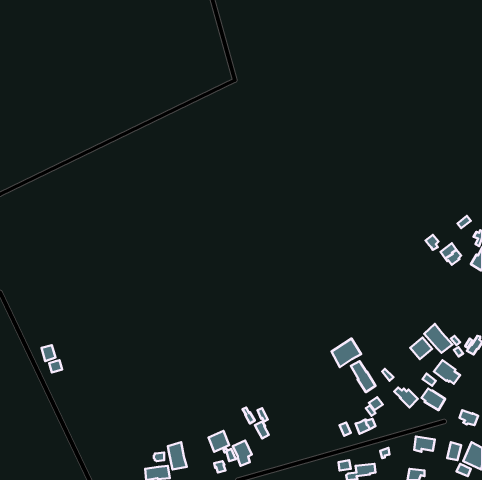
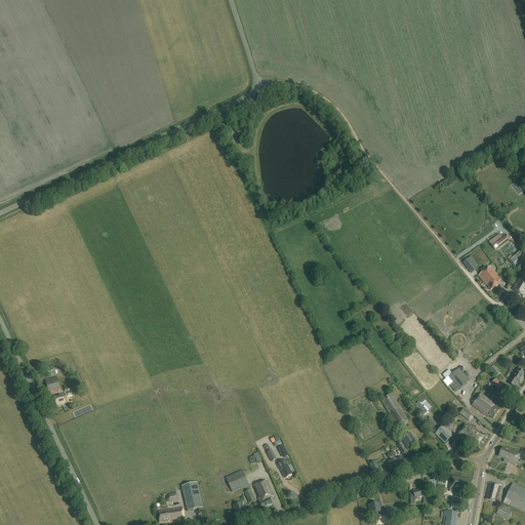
building: [424,324,452,353] -> none
building: [332,339,361,367] -> none

